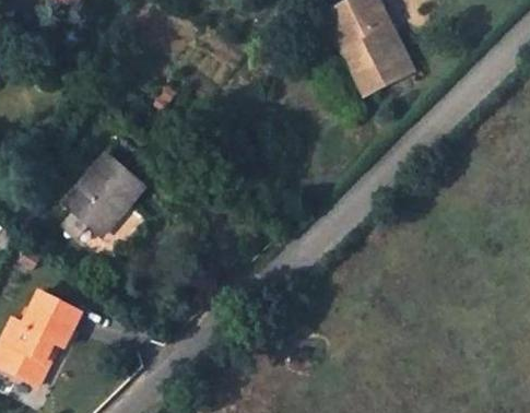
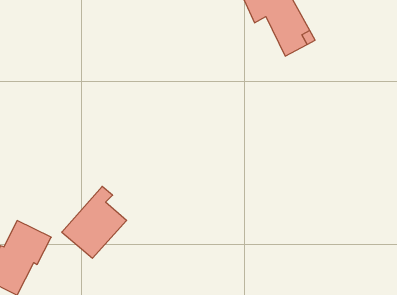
building: [63,146,144,236] -> [62,186,127,258]

